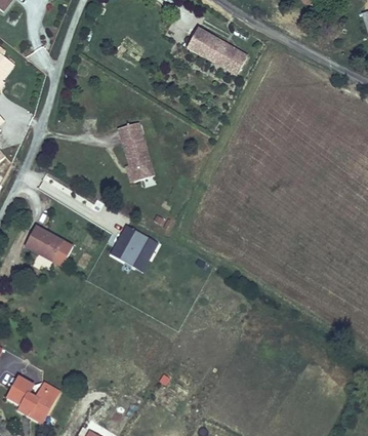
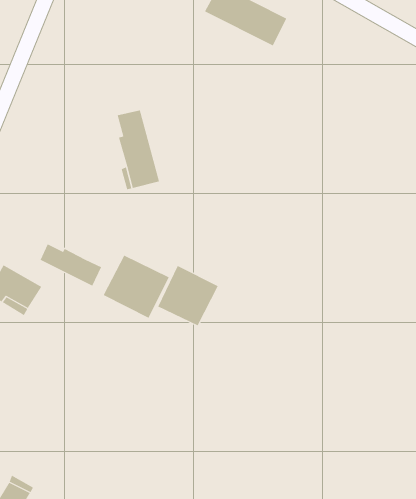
building: none -> [40,244,102,287]
building: none -> [157,265,219,326]

